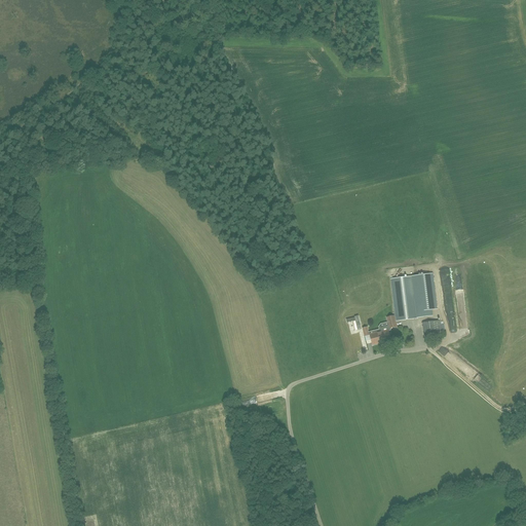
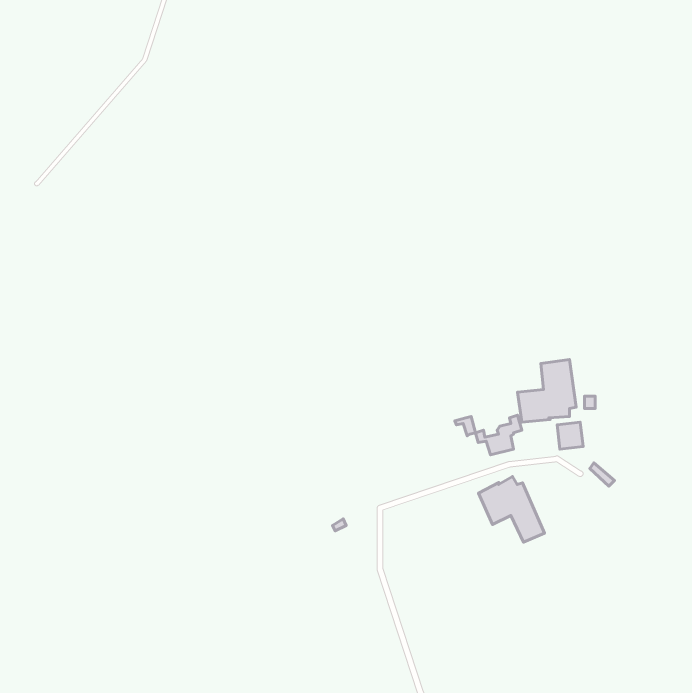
building: none -> [479,476,545,542]

